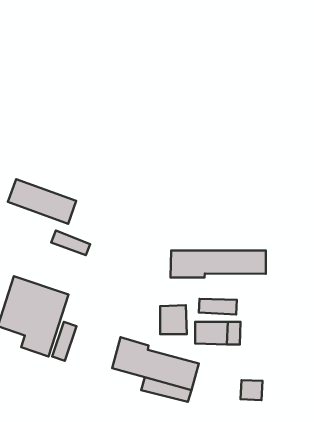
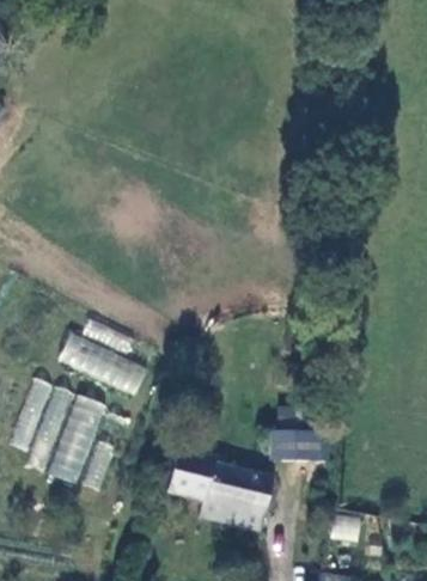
building: [8,179,76,224] -> [57,331,147,390]
building: [171,250,266,278] -> none
building: [160,305,187,334] -> none

